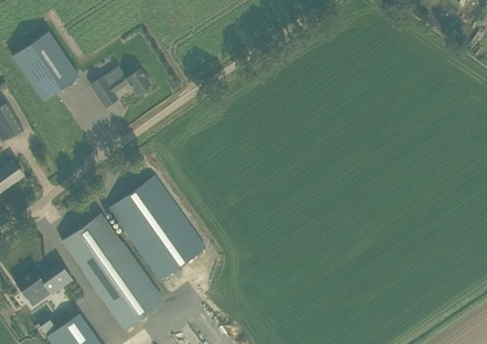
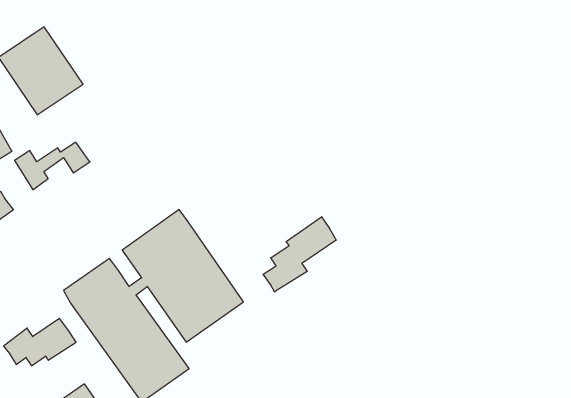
building: [91,69,151,107] -> [15,142,90,190]
building: none -> [263,217,336,292]

